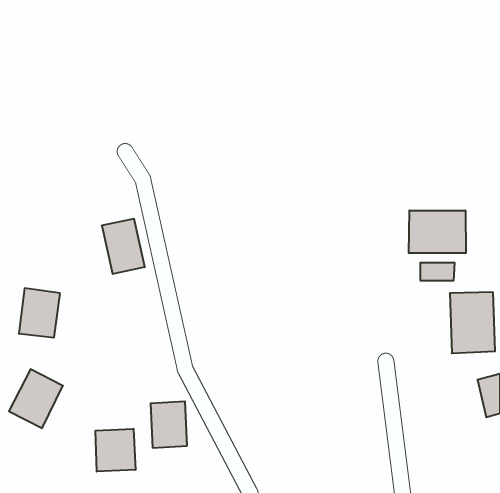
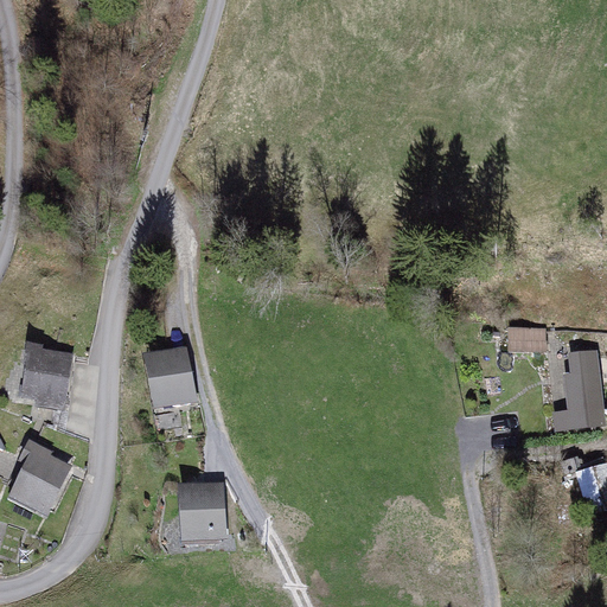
building: [409,210,466,253] -> none
building: [102,219,145,274] -> [146,350,198,416]
building: [96,429,136,472] -> none

